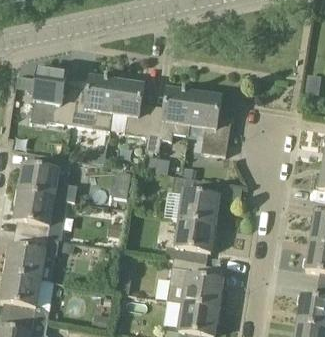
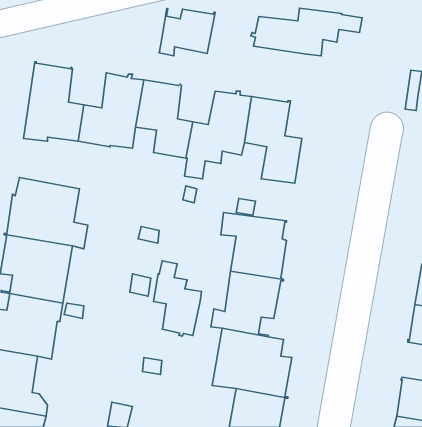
building: none -> [251,8,362,56]
building: none -> [159,8,215,56]
building: none -> [153,261,201,336]

